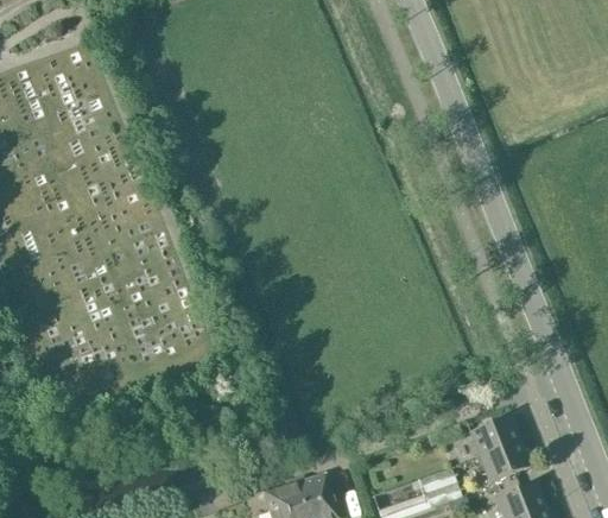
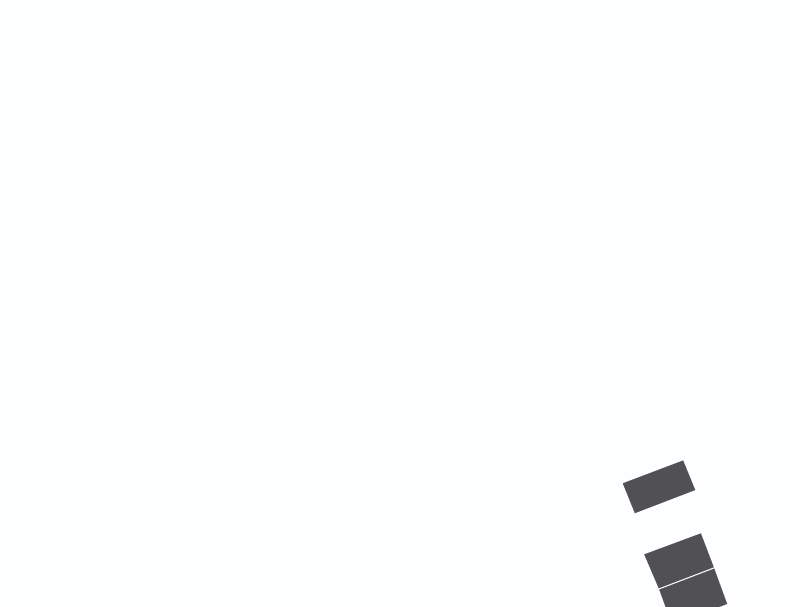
building: none -> [622,459,696,514]

